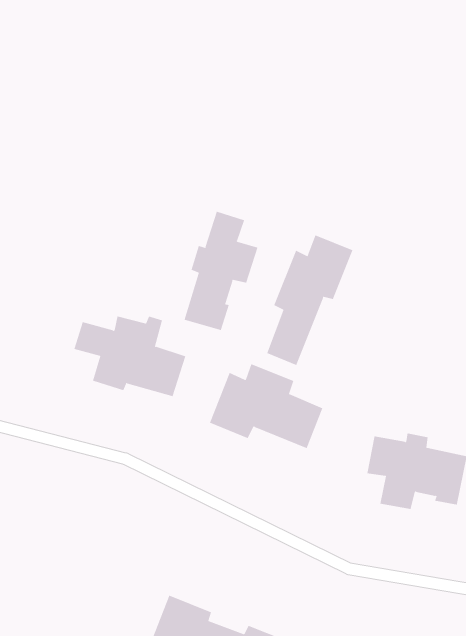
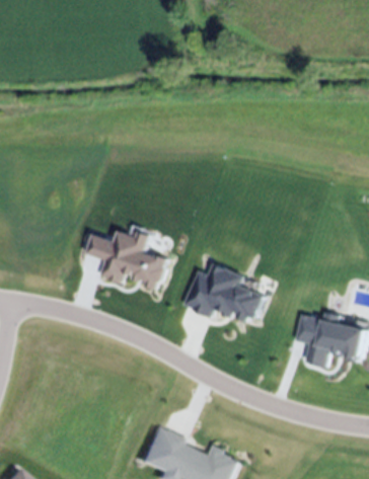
building: [184,211,258,331] -> none
building: [266,234,353,366] -> none

